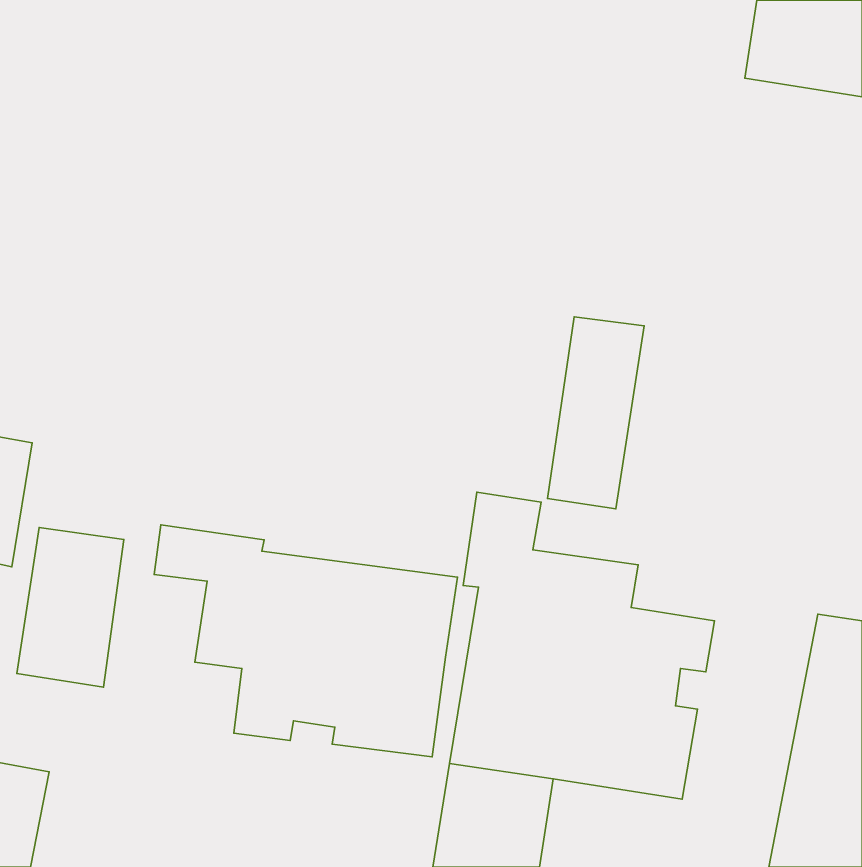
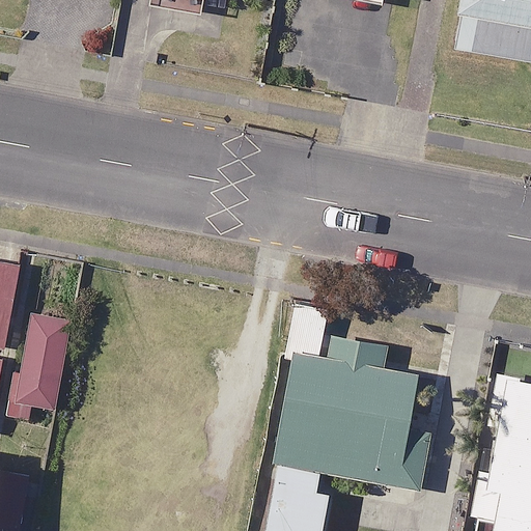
building: [548,317,644,509] -> none
building: [154,525,457,757] -> none

